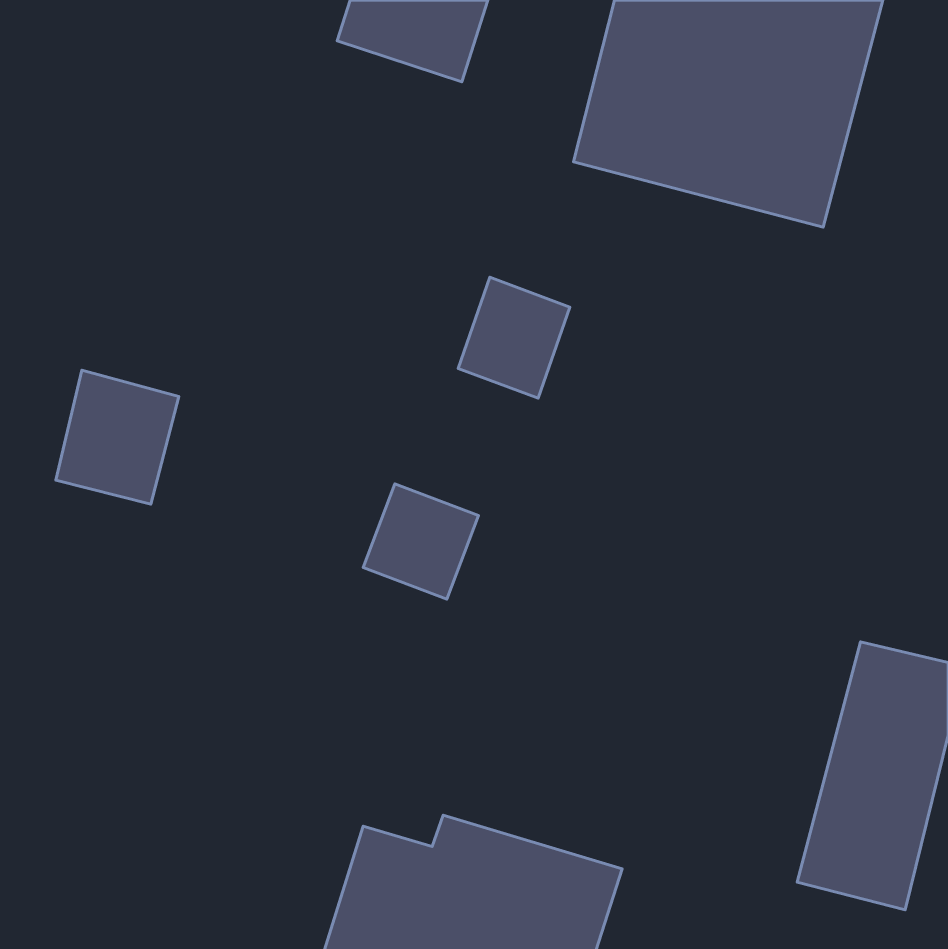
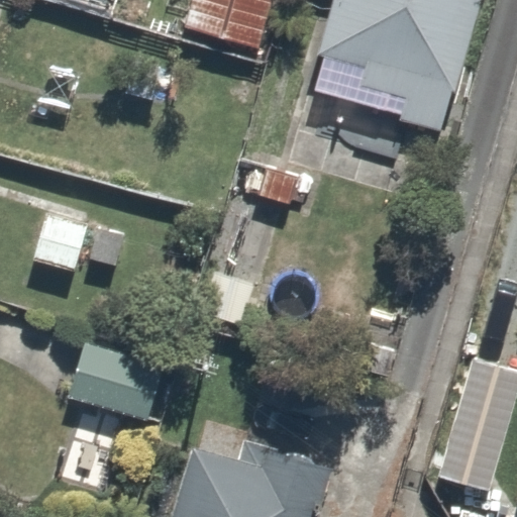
building: none -> [68,338,171,424]

